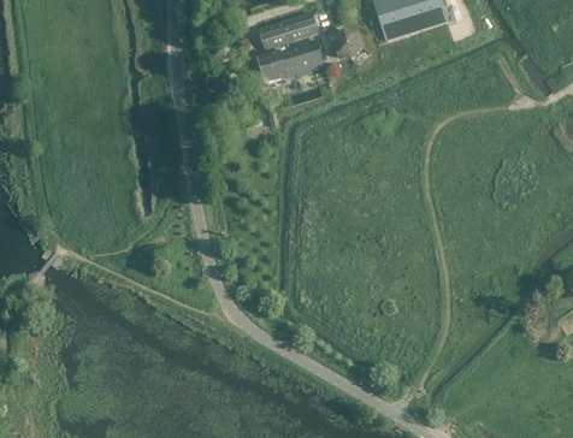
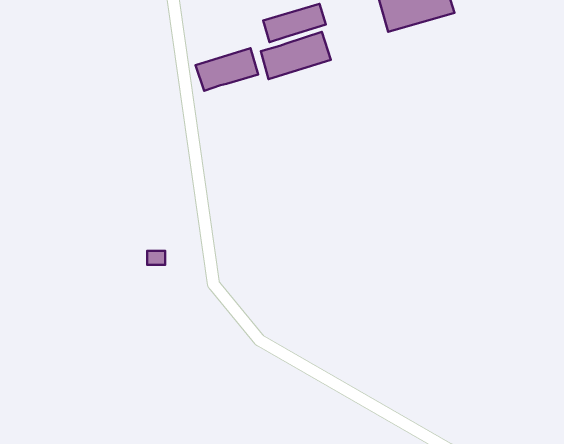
building: [336,29,365,58] -> none
building: none -> [196,48,258,91]

